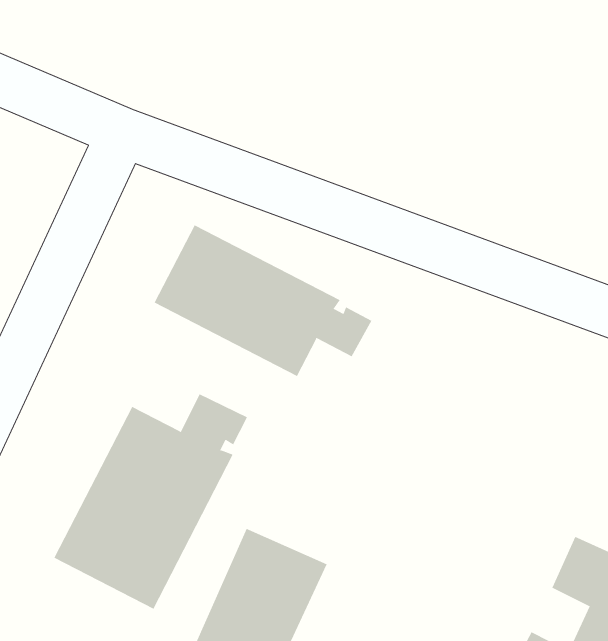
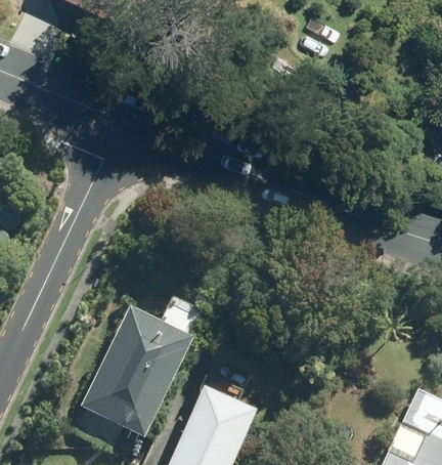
building: [154,225,372,377] -> none

